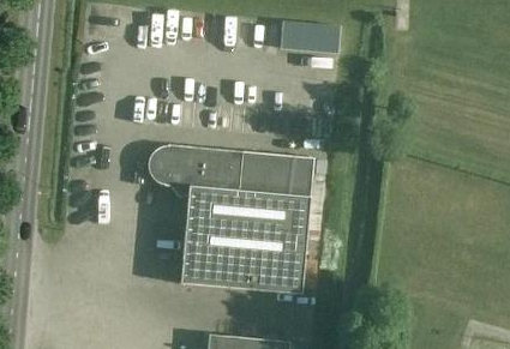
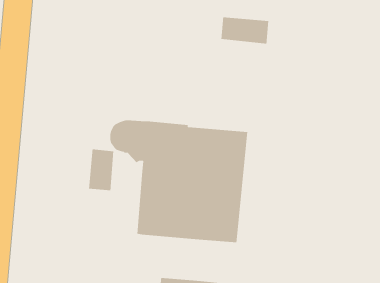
building: none -> [88,149,114,191]

